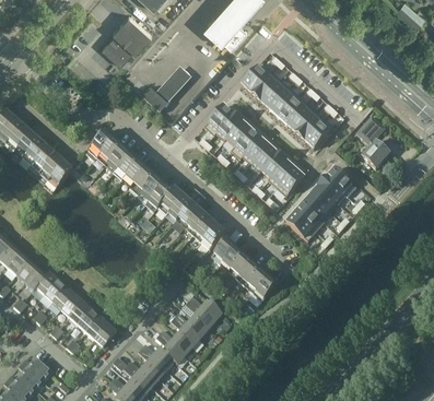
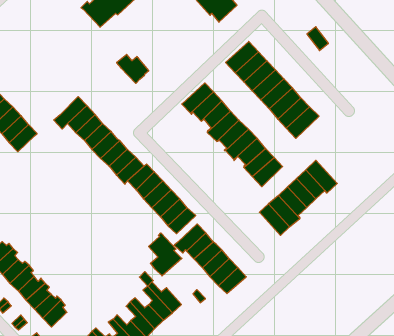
building: [160,68,191,101] -> none
building: [356,117,390,169] -> none
building: none -> [149,233,182,276]

